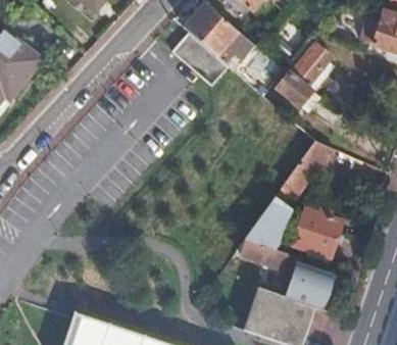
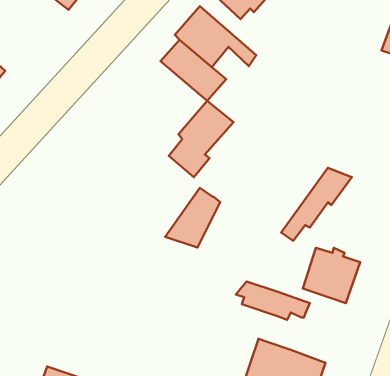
building: [277,43,332,108] -> [169,101,233,177]
building: [246,199,293,250] -> [165,188,220,248]
building: [284,266,327,310] -> none

